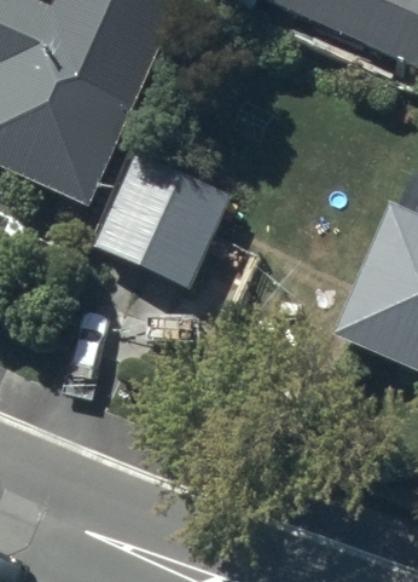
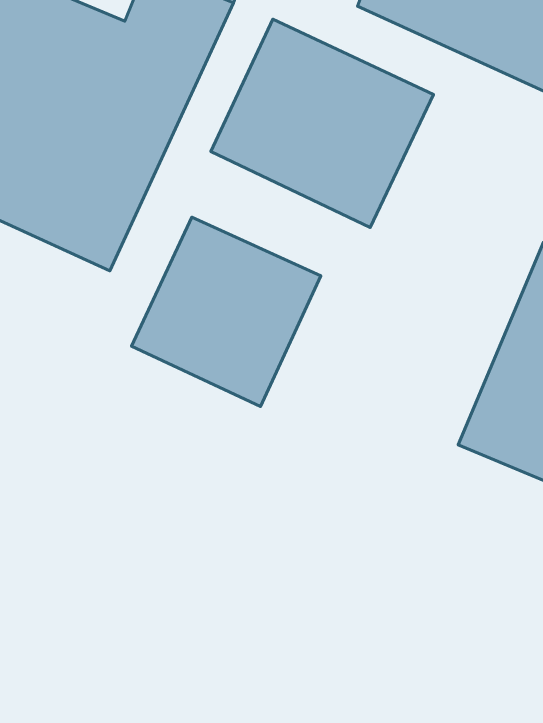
building: none -> [211,19,433,228]

